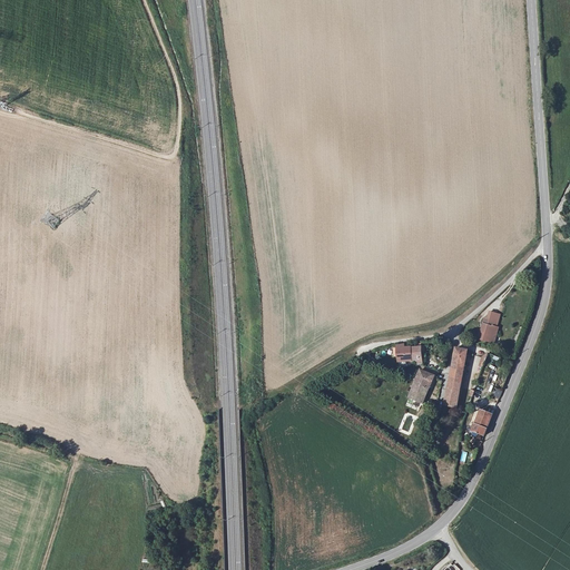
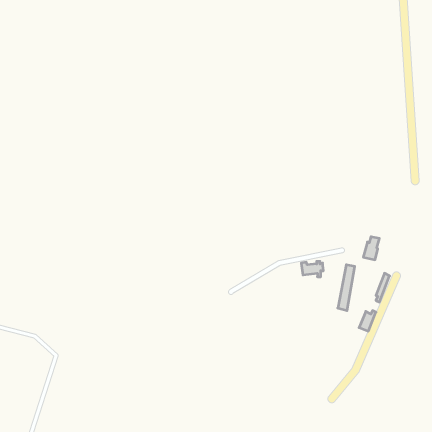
building: [409,368,434,402] -> none

